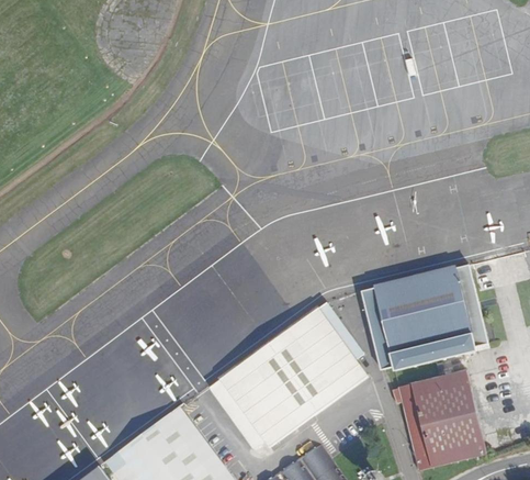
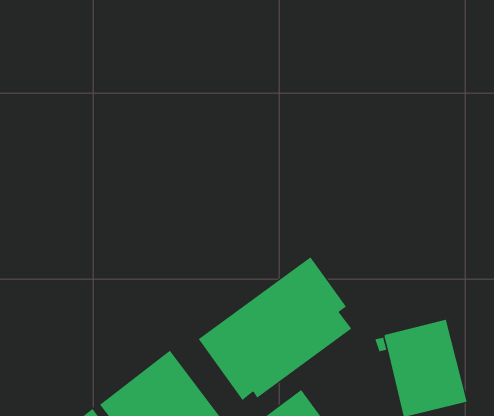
building: [360,261,487,371] -> none

